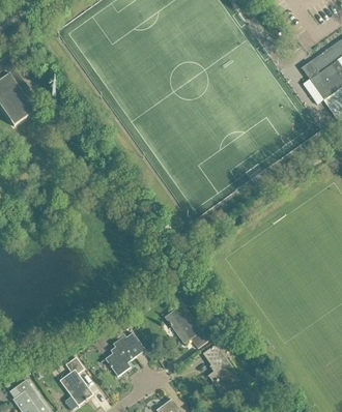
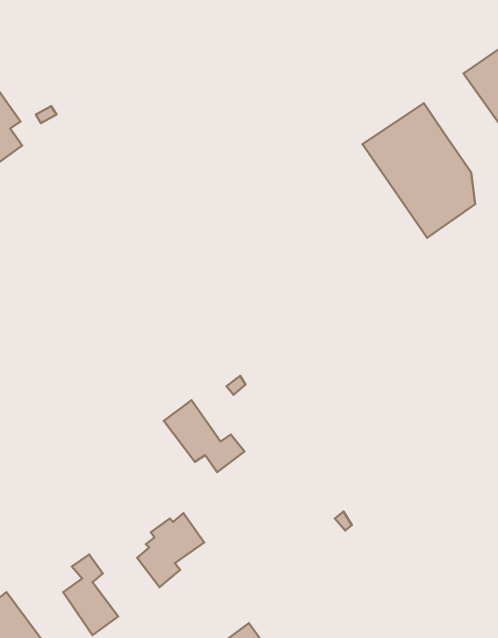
building: none -> [362,103,475,238]
building: [166,305,215,349] -> [164,400,245,472]
building: [203,345,240,393] -> none

